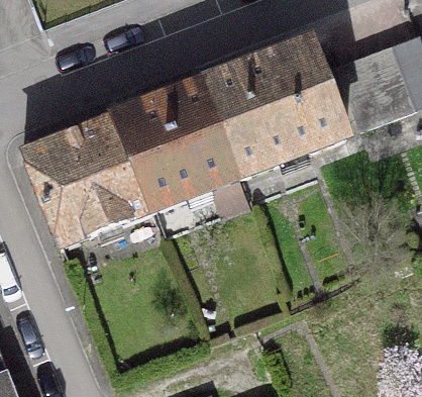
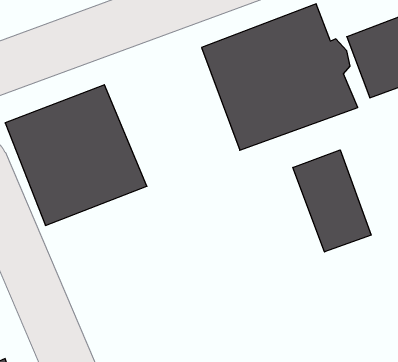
building: [114,78,239,206] -> none
building: none -> [293,150,371,252]

